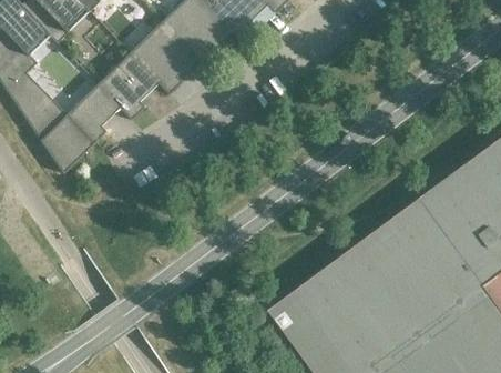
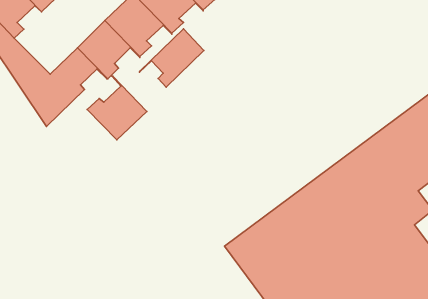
building: none -> [140,29,204,87]
building: none -> [87,76,147,140]

